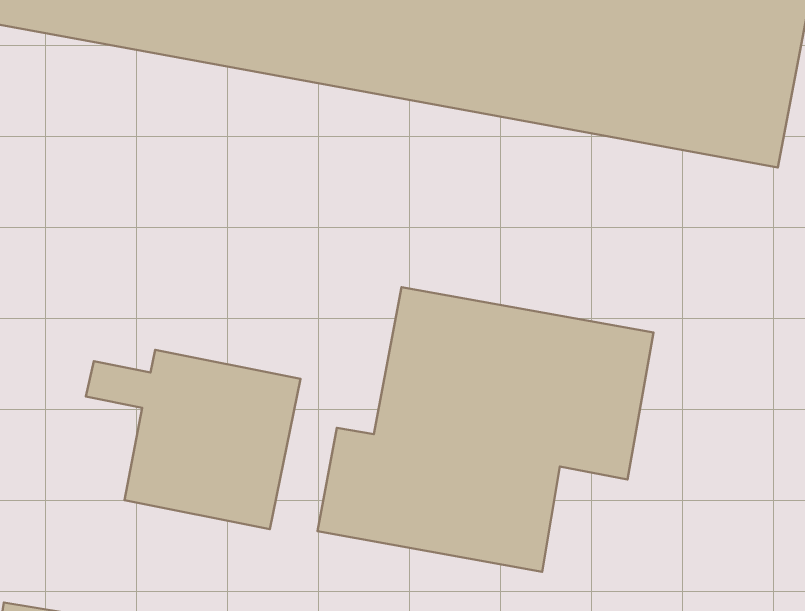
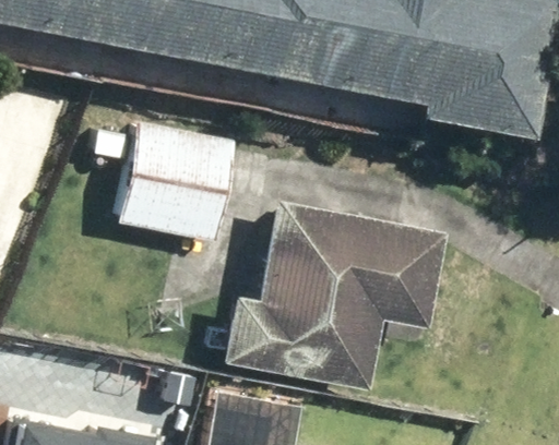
building: [86,350,301,529] -> [91,127,236,248]

